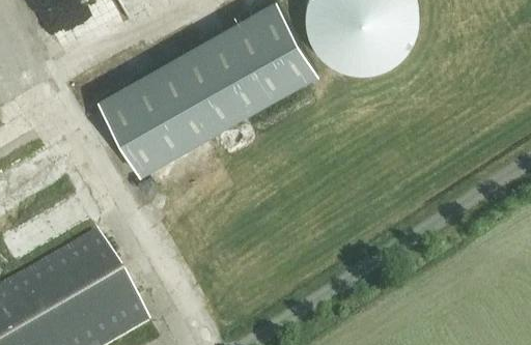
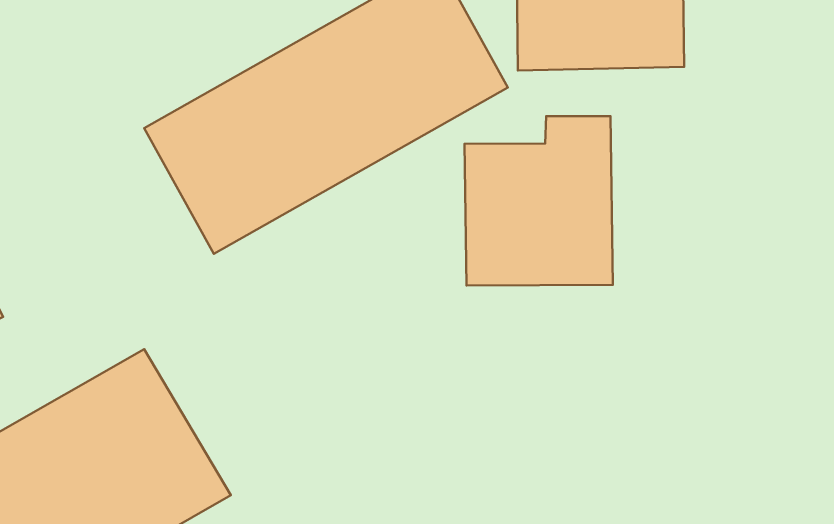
building: none -> [465,116,613,285]

